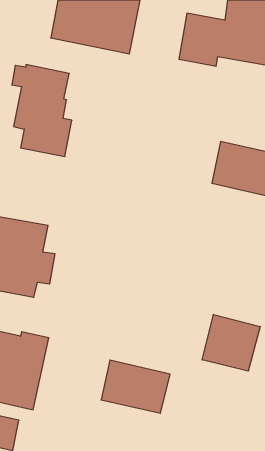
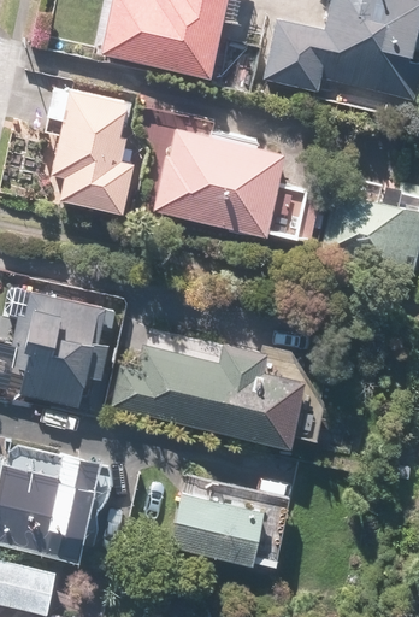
building: none -> [159,131,306,239]
building: none -> [110,343,305,448]
building: [202,314,260,371] -> none

